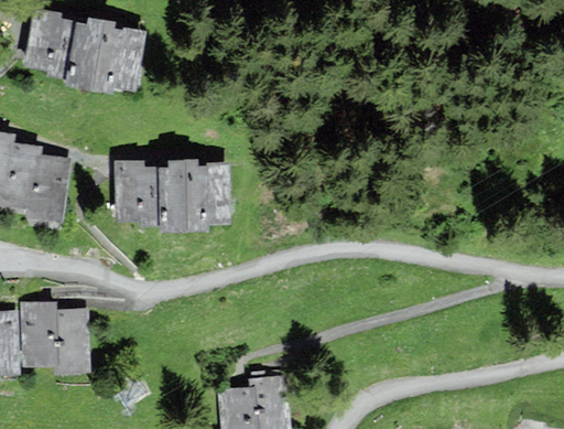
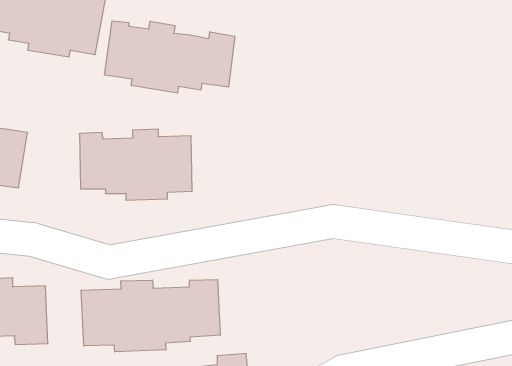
building: none -> [105,21,235,93]
building: none -> [81,279,220,352]

